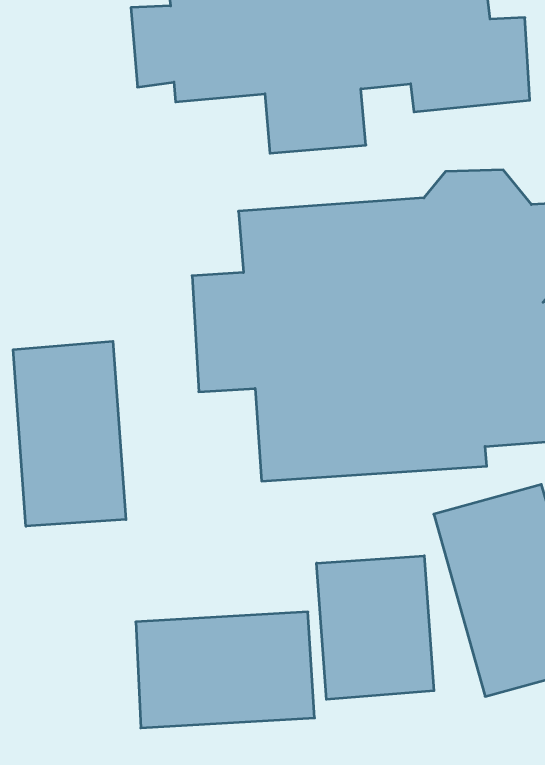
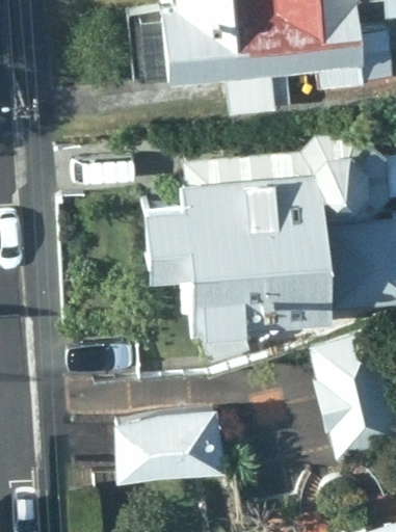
building: [13,341,126,526] -> none
building: [317,556,434,699] -> none

